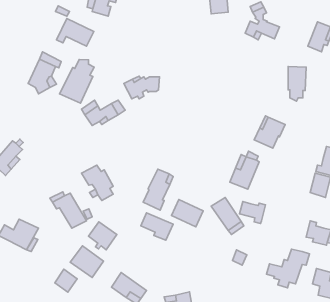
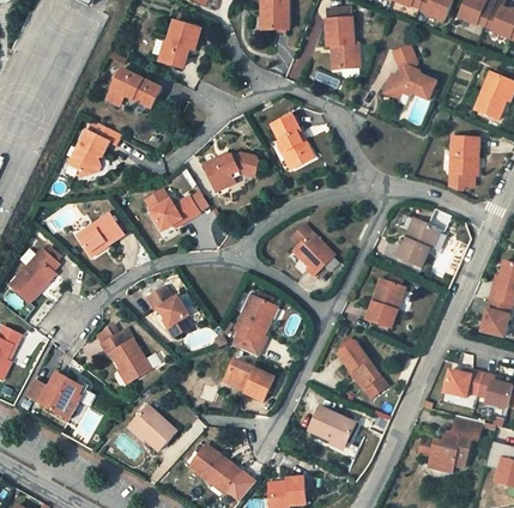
building: none -> [273,117,313,168]
building: [59,60,94,103] -> none
building: none -> [75,217,122,256]
building: none -> [294,220,334,273]
building: [172,199,203,227] -> [306,404,352,444]
building: [240,202,266,223] -> [443,365,482,398]
building: [89,222,117,250] -> none
building: [55,269,77,292] -> none

